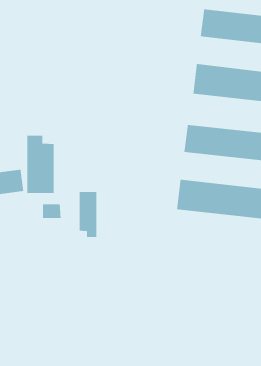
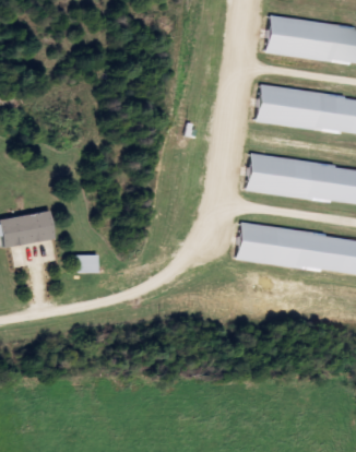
building: [27,135,54,194] -> none
building: [79,191,97,238] -> none

